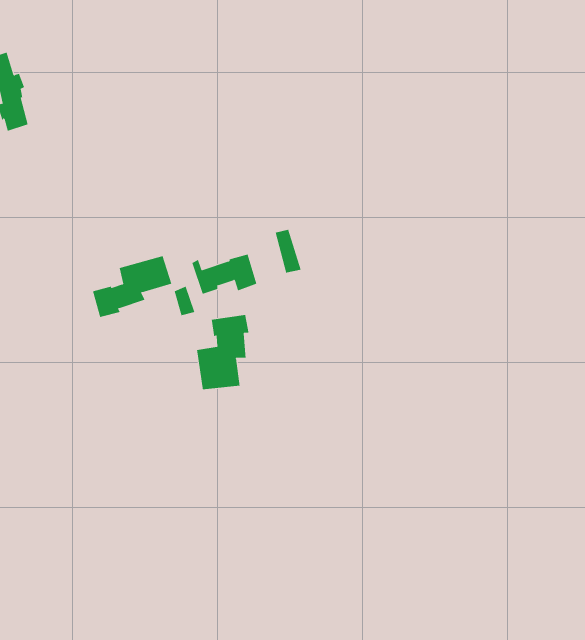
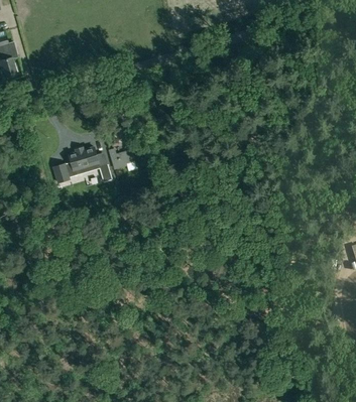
building: [196,314,249,390] -> none

